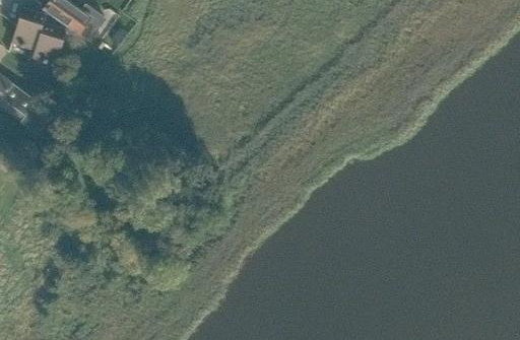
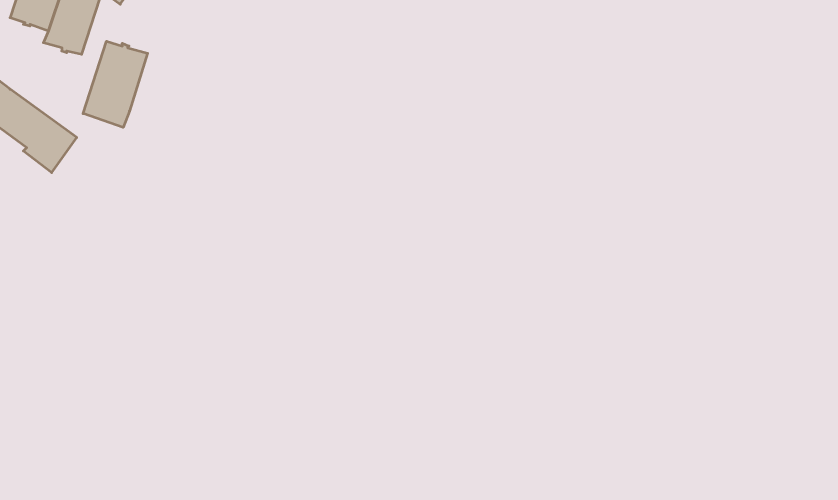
building: none -> [83,41,148,127]

